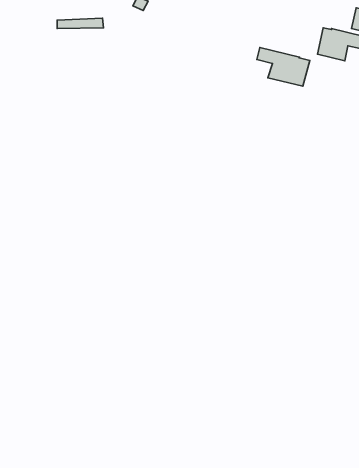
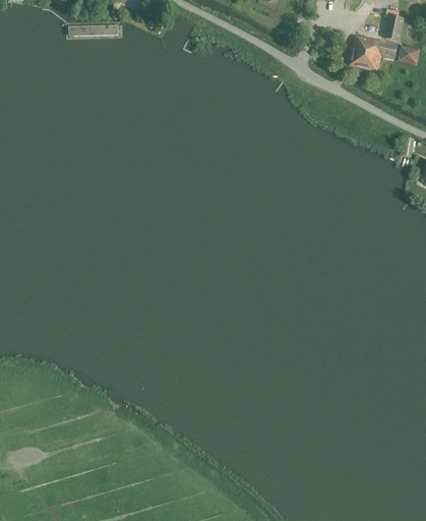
building: [257,47,310,86] -> none

